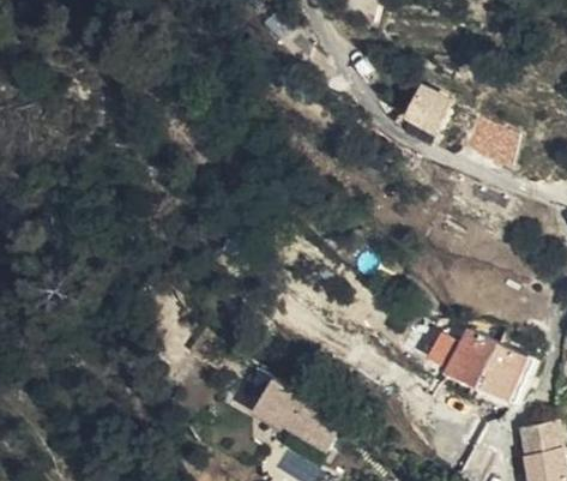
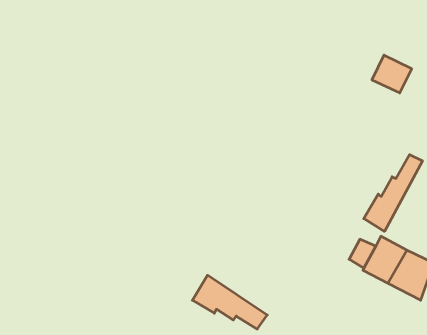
building: [408,89,456,134] -> [372,55,412,93]
building: none -> [364,155,422,231]

